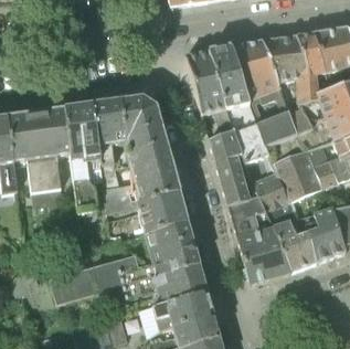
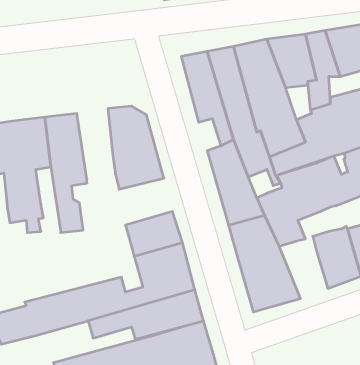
building: [94,102,126,165] -> none
building: [104,163,179,212] -> none
building: [274,219,317,271] -> none

